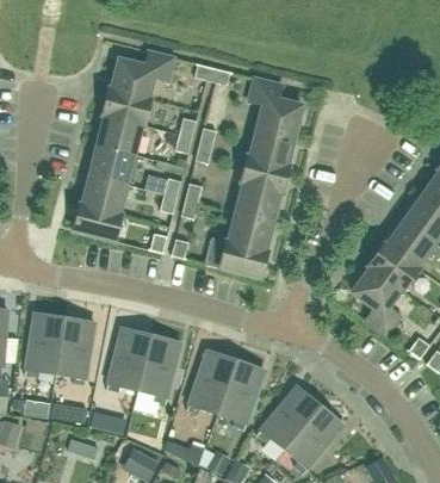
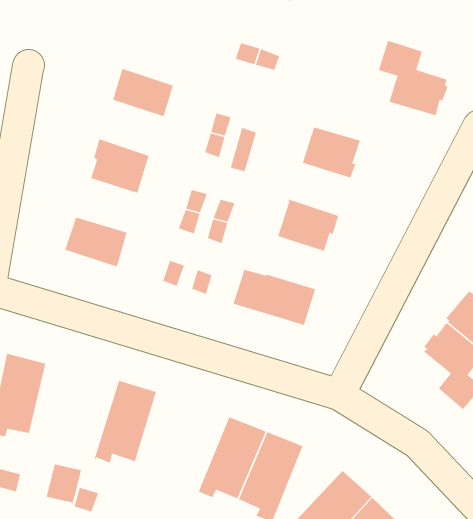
building: [109,51,173,100] -> none
building: [248,78,303,134] -> [378,40,449,116]
building: [94,114,143,155] -> none
building: [230,154,289,192] -> none
building: [80,175,126,215] -> none
building: [228,211,272,249] -> none
building: [55,318,94,385] -> none
building: [137,335,180,404] -> none

